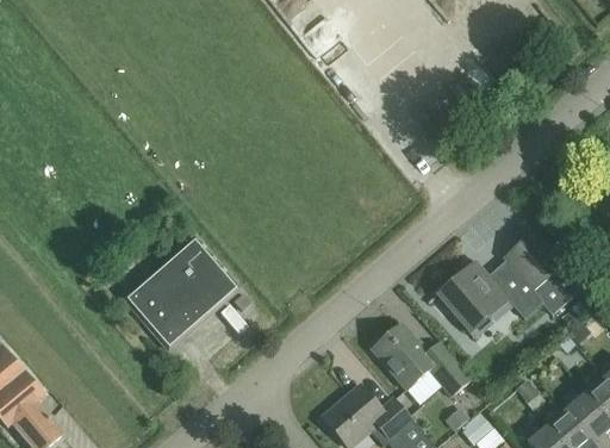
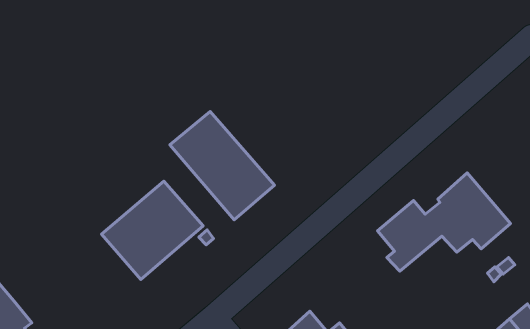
building: none -> [170,111,274,220]
building: [372,323,469,394] -> none

